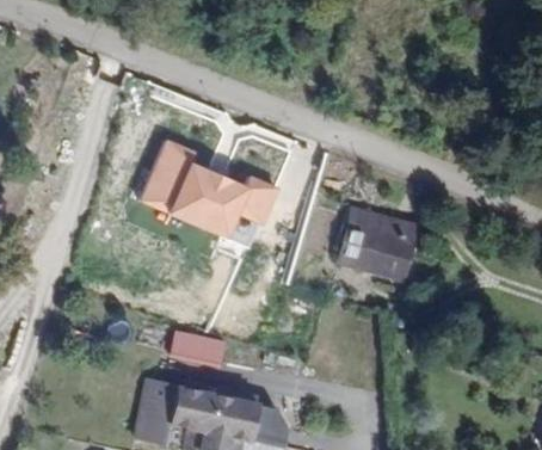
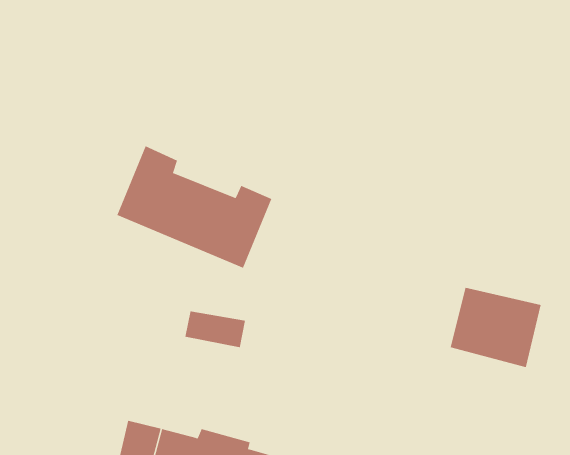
building: [337,209,417,279] -> [450,287,541,368]
building: [174,339,228,371] -> [184,311,246,348]

